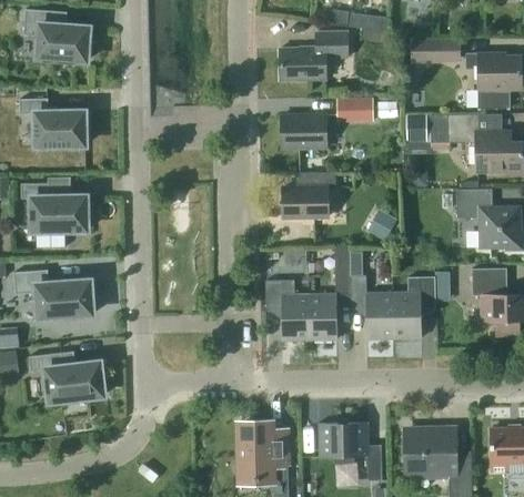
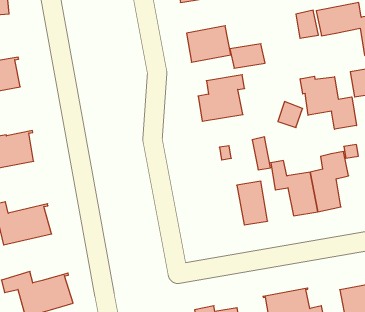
building: [336,99,373,121] -> [230,44,265,68]
building: none -> [300,76,356,129]
building: [265,280,310,341] -> none

